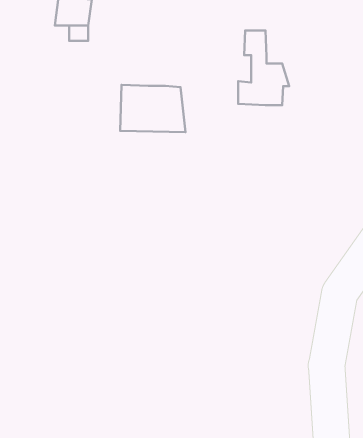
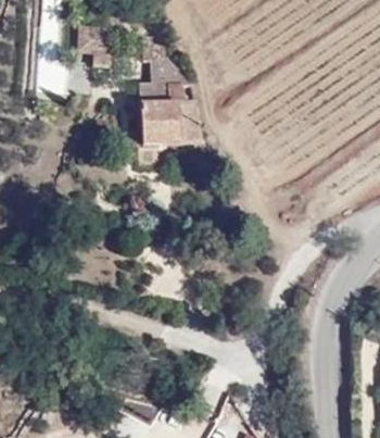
building: [238,30,289,105] -> [142,36,189,104]

